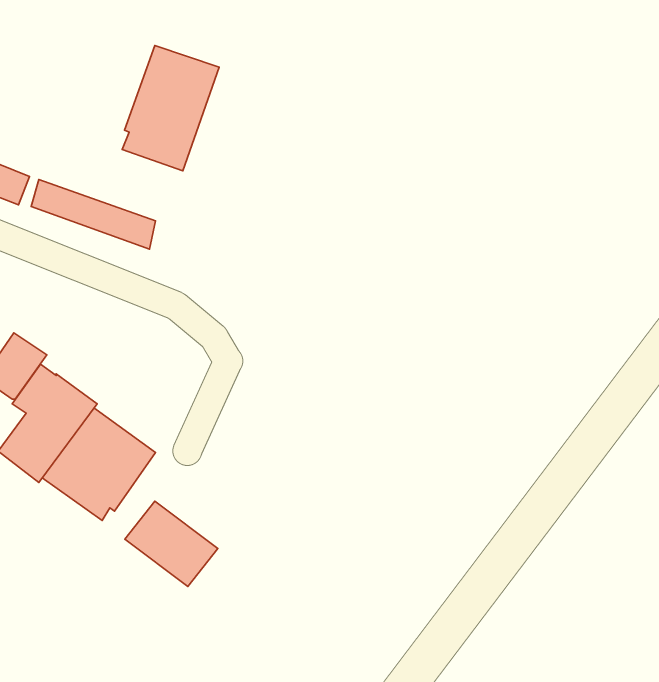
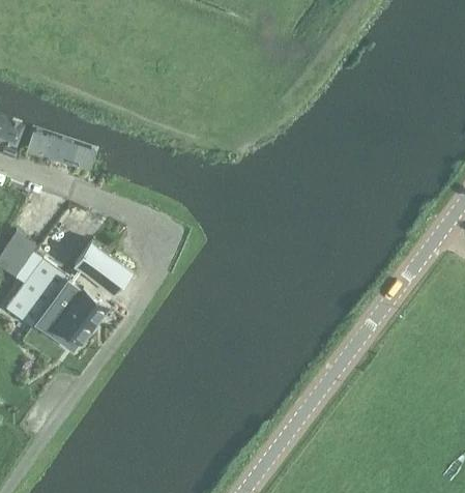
building: [122,46,219,171] -> none
building: [125,501,218,587] -> [71,242,133,298]

